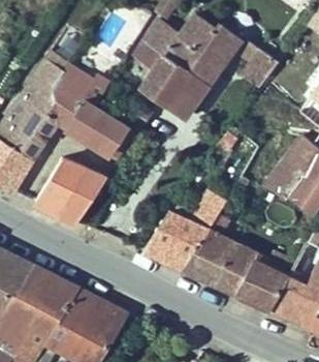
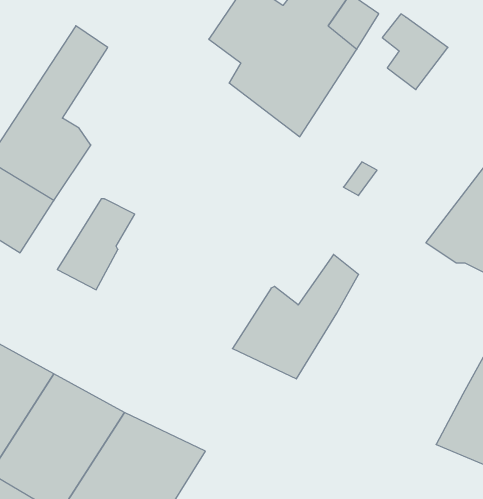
building: [40,66,128,156] -> none
building: [61,169,107,223] -> none
building: [184,230,286,310] -> none

